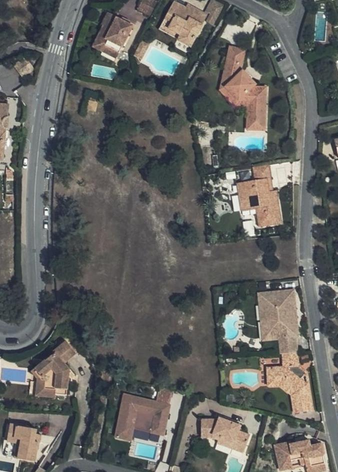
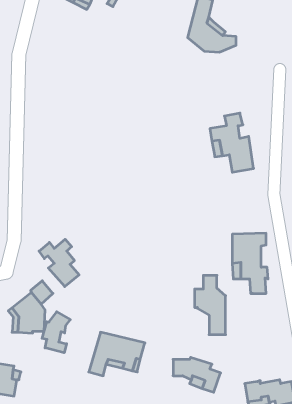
building: [248,96,266,128] -> none
building: none -> [39,239,79,287]
building: [274,352,306,413] -> [195,275,226,335]
building: none -> [42,312,70,353]

